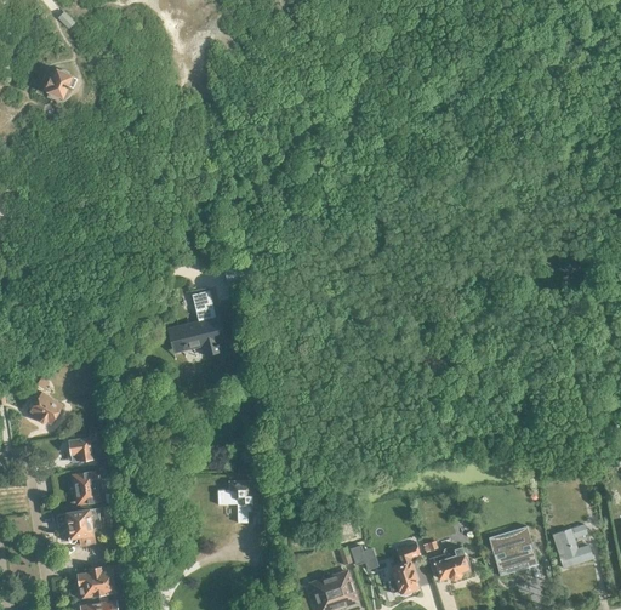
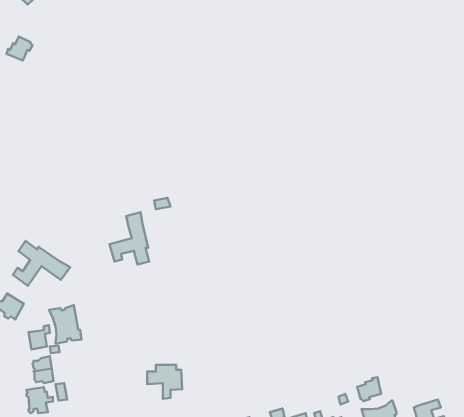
building: none -> [13,241,70,286]
building: none -> [49,305,82,343]
building: none -> [357,377,381,401]

